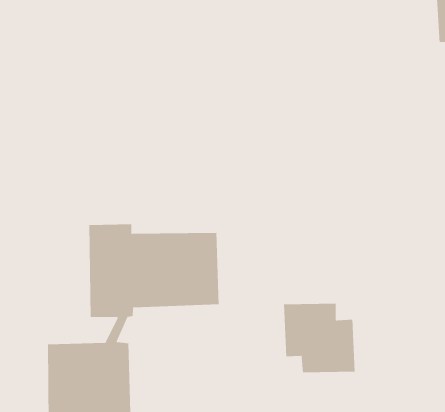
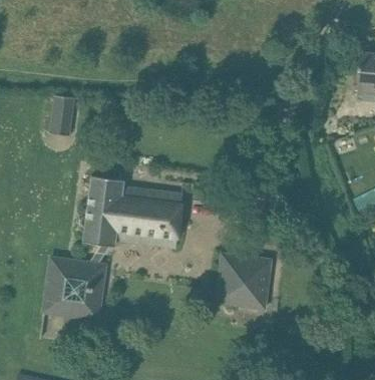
building: none -> [49,95,74,134]

